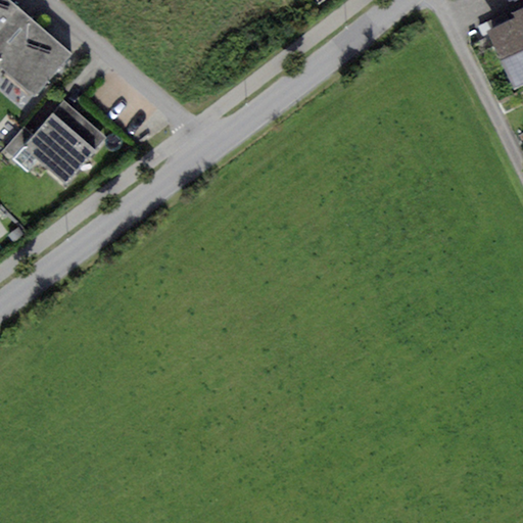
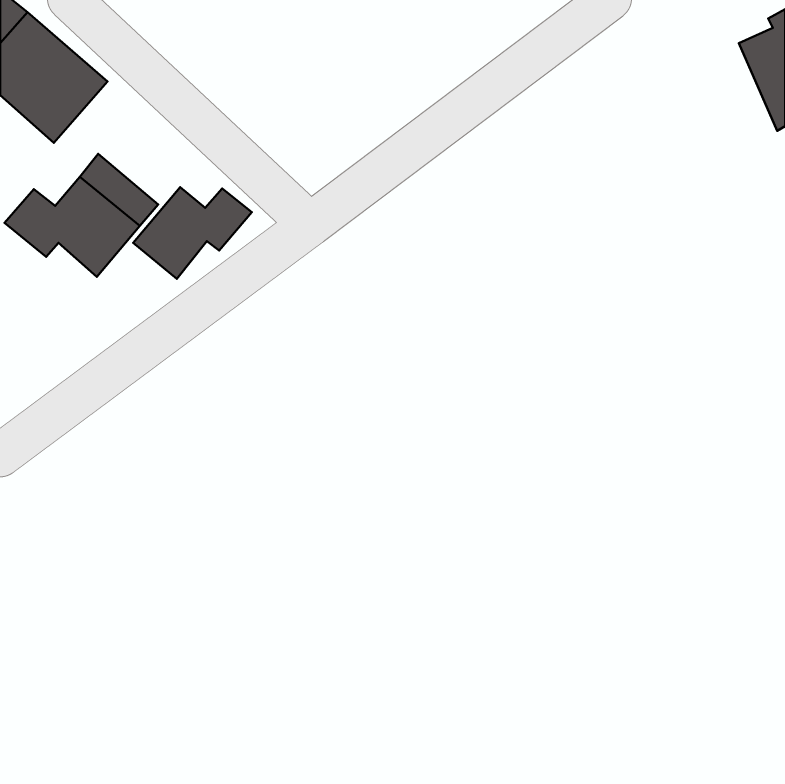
building: none -> [133,187,252,279]

